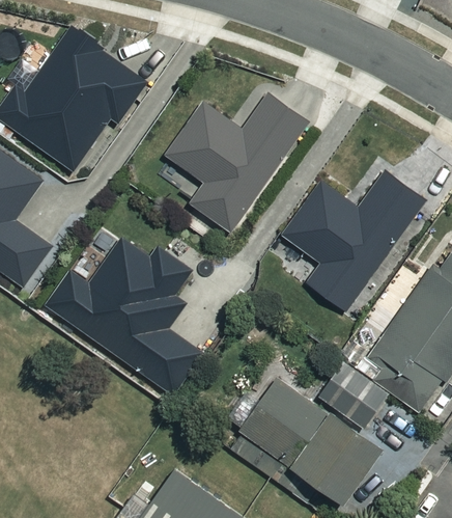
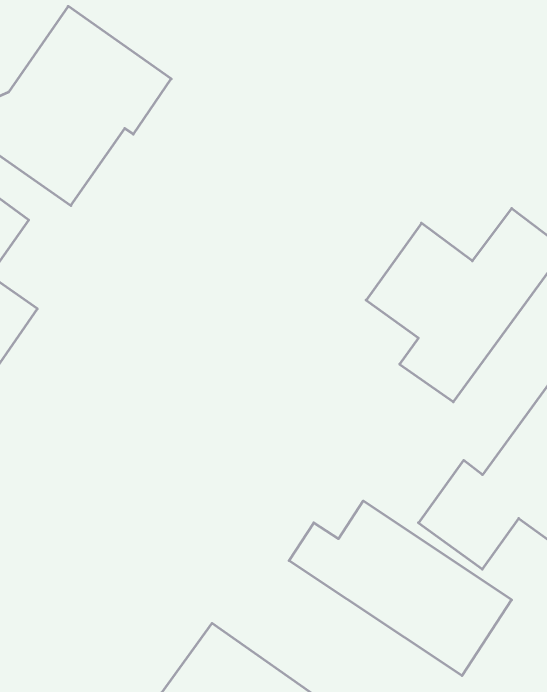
building: [163,94,307,234] -> none
building: [43,237,201,399] -> none

